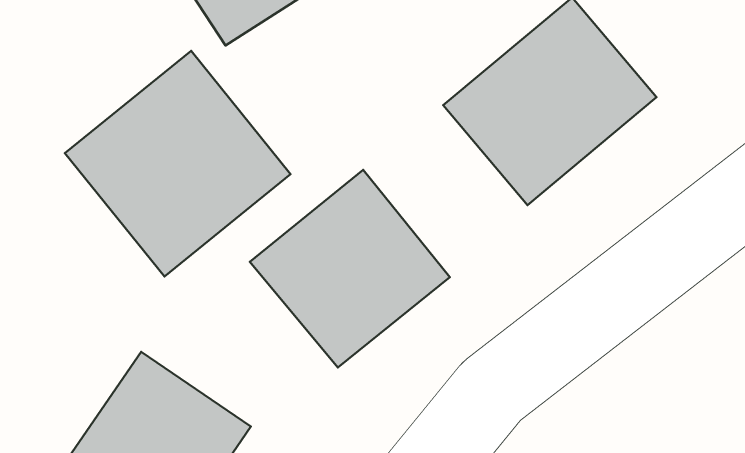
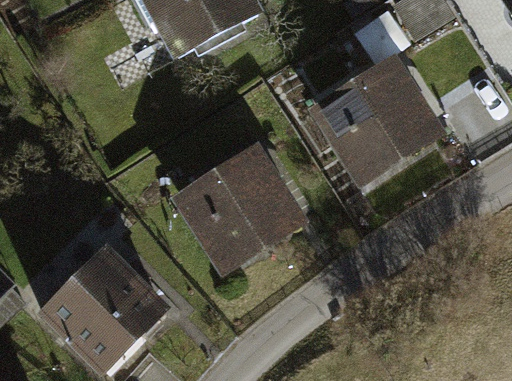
building: [65,51,291,277] -> none

